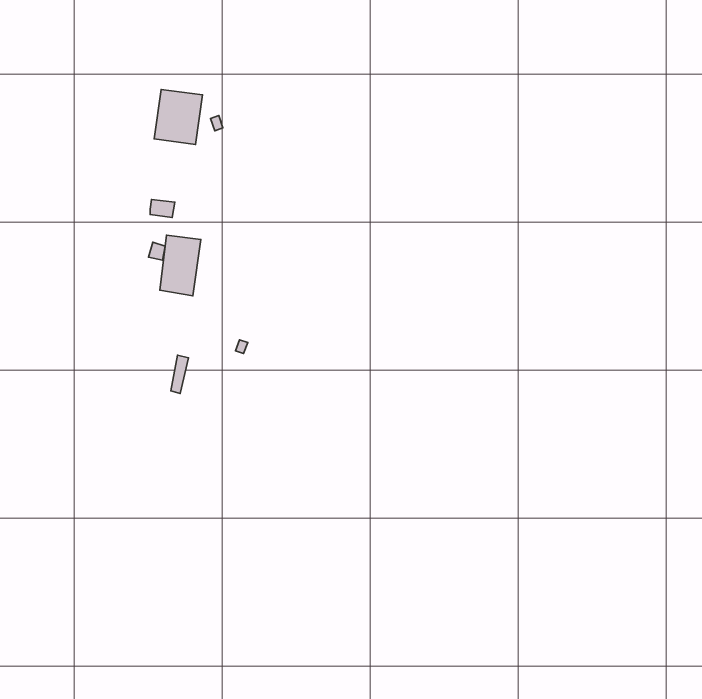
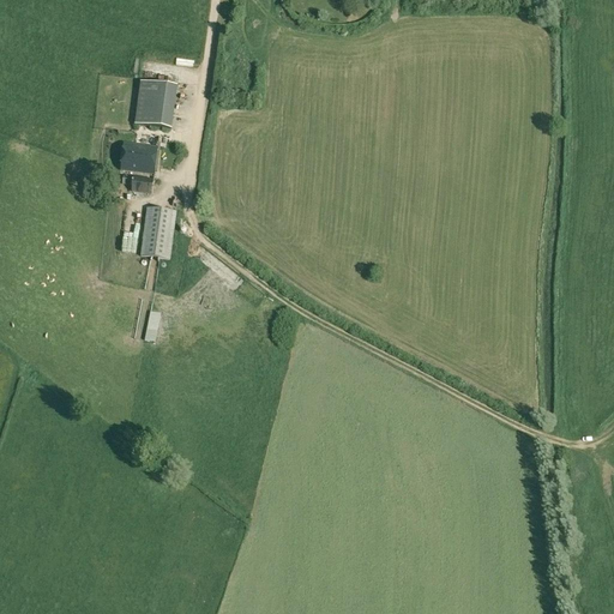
building: none -> [120,140,157,171]

